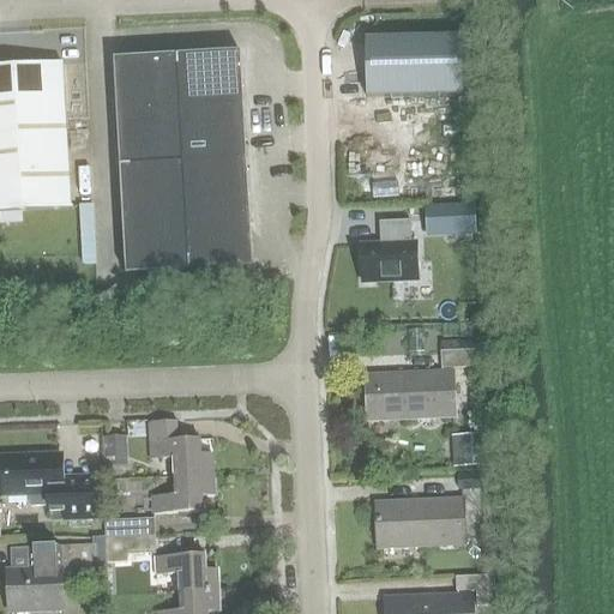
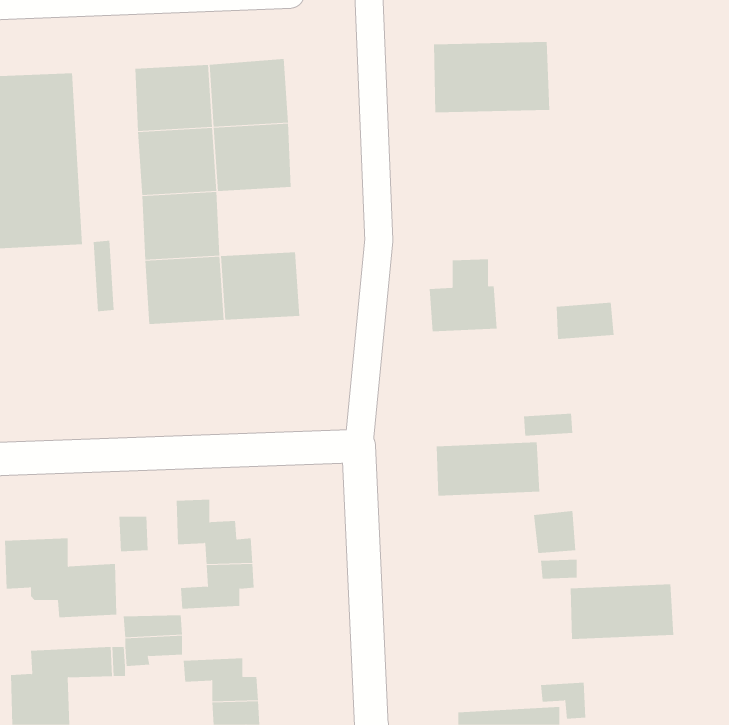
building: [182,157,248,215] -> none
building: [423,201,472,233] -> [556,302,614,340]
building: [375,498,463,544] -> [570,584,674,640]

